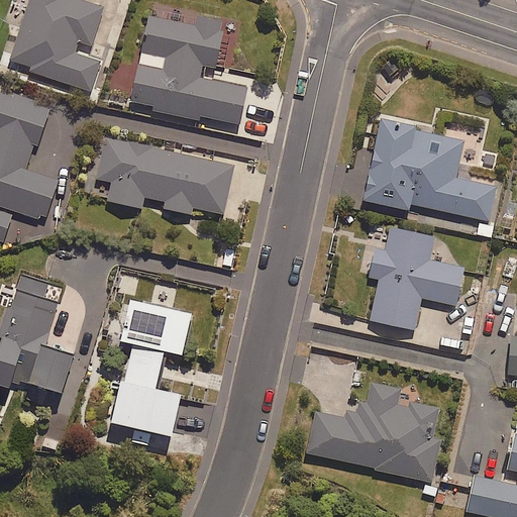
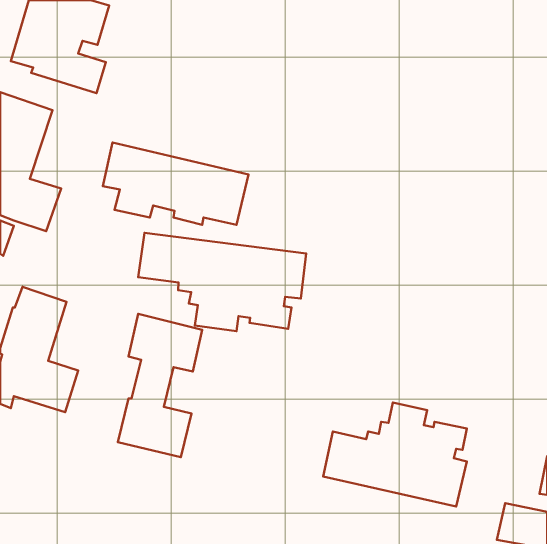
building: [129,16,246,124] -> none
building: [365,119,497,221] -> none
building: none -> [138,233,306,331]
building: [370,227,463,329] -> none

